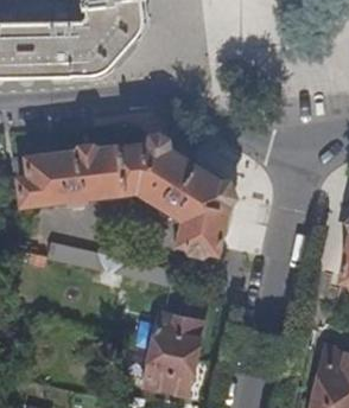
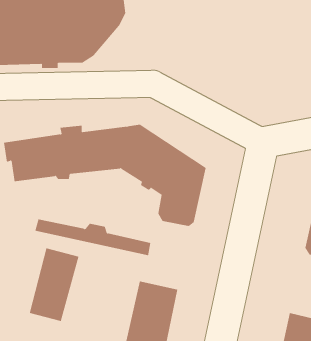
building: none -> [29,247,79,322]

